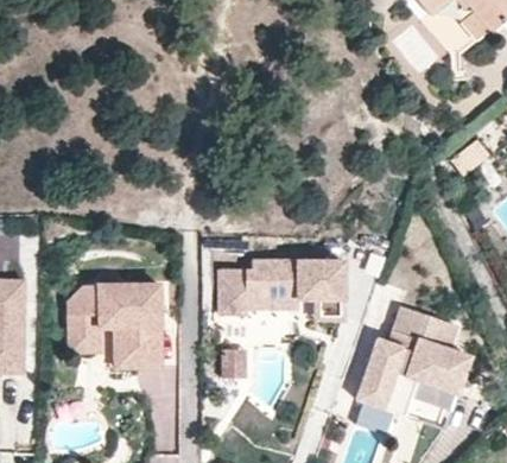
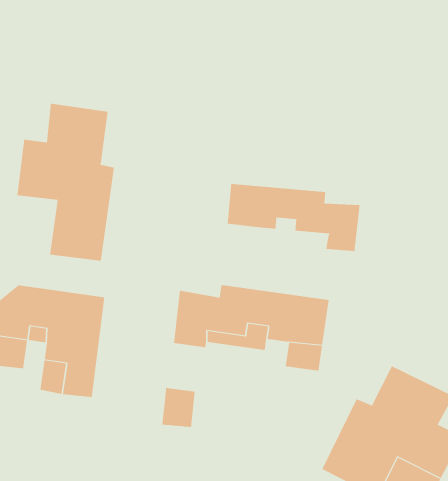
building: none -> [17,103,115,262]
building: none -> [227,183,360,252]

